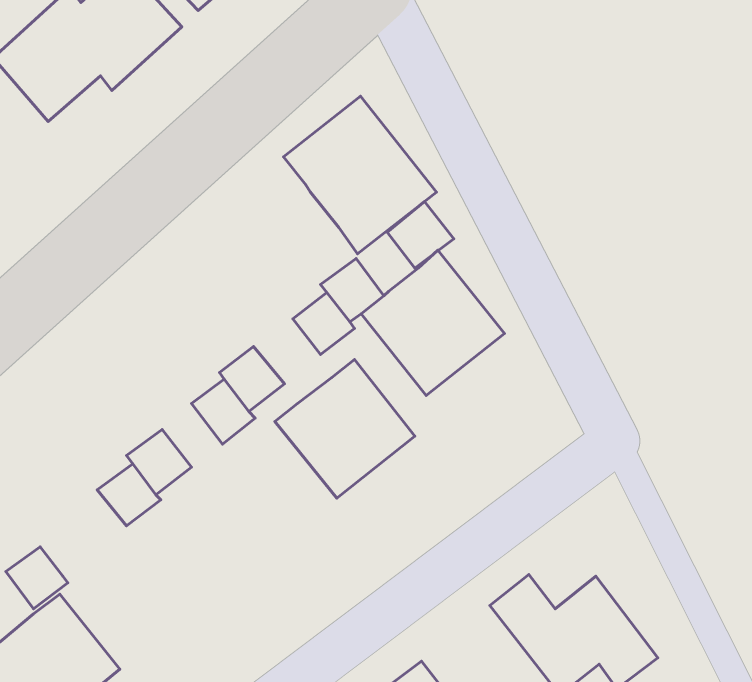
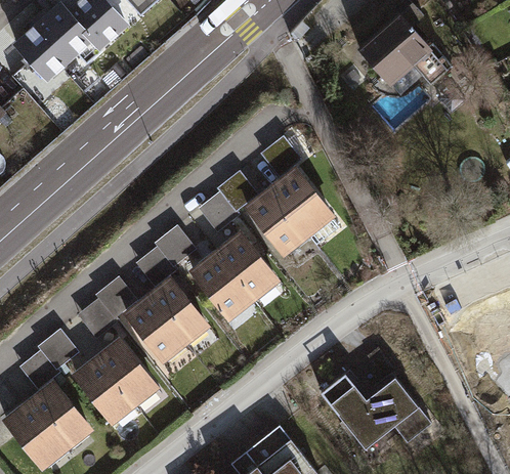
building: none -> [346,14,443,93]
building: [284,96,436,254] -> none
building: none -> [126,282,207,362]
building: none -> [38,331,79,371]
building: none -> [73,341,156,424]

